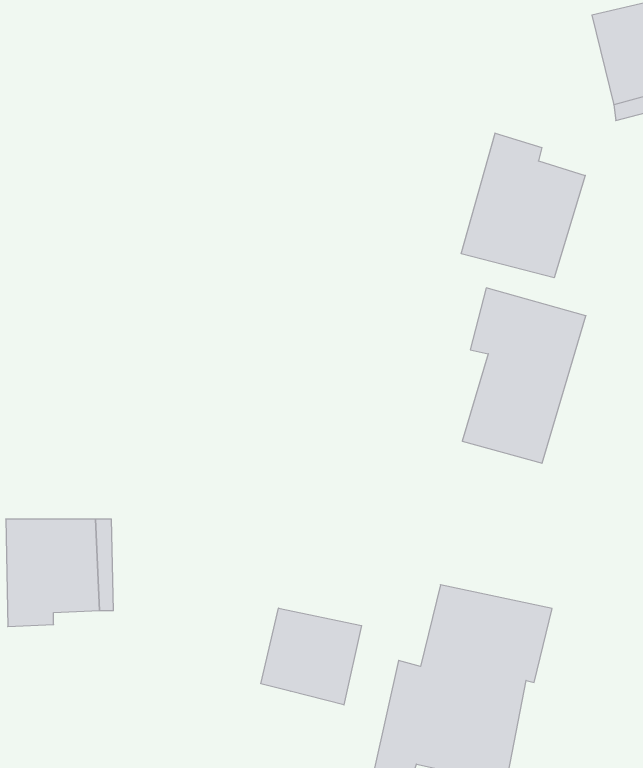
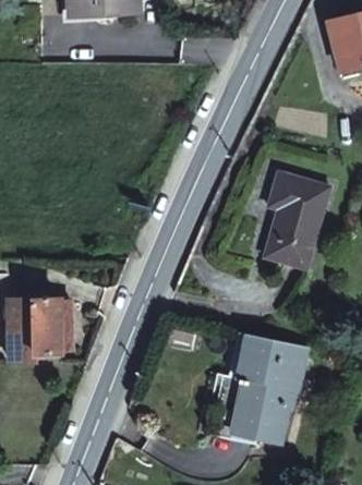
building: [461,133,585,278] -> none
building: [261,608,362,705] -> none

